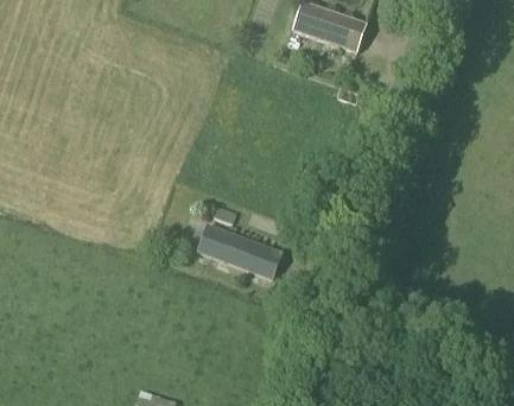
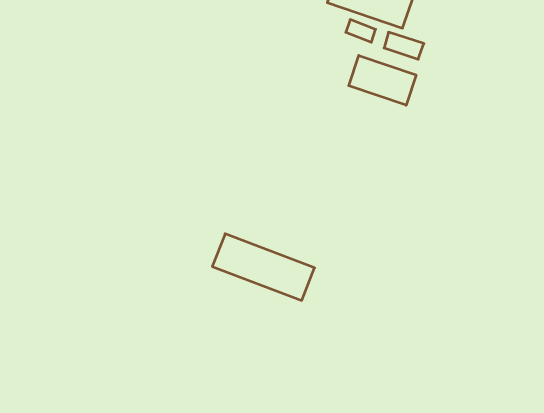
building: none -> [349,55,416,105]

